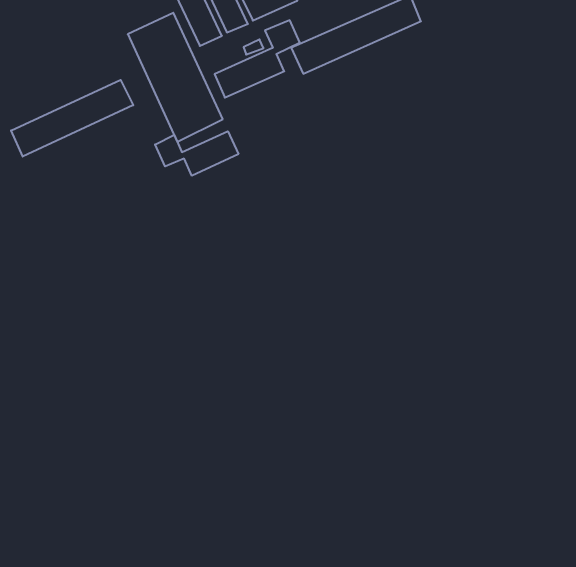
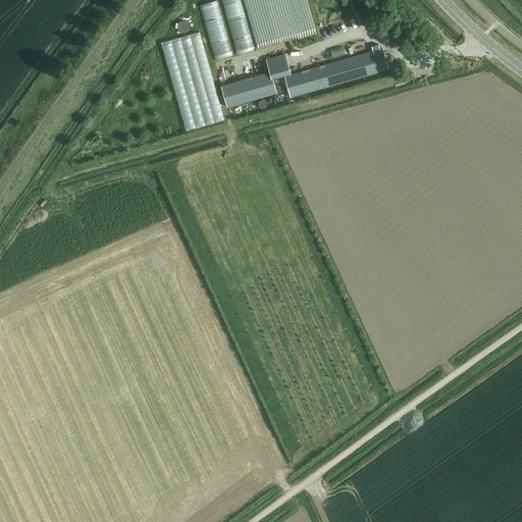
building: [11,80,133,157] -> none
building: [155,131,238,176] -> none

